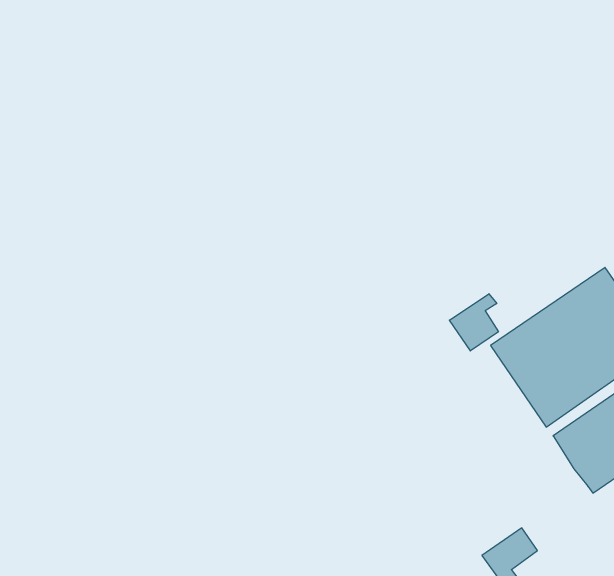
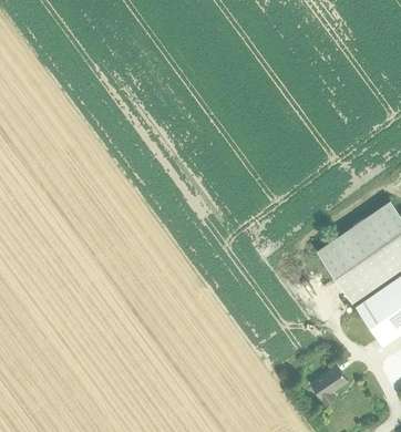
building: [449,294,498,351] -> none

